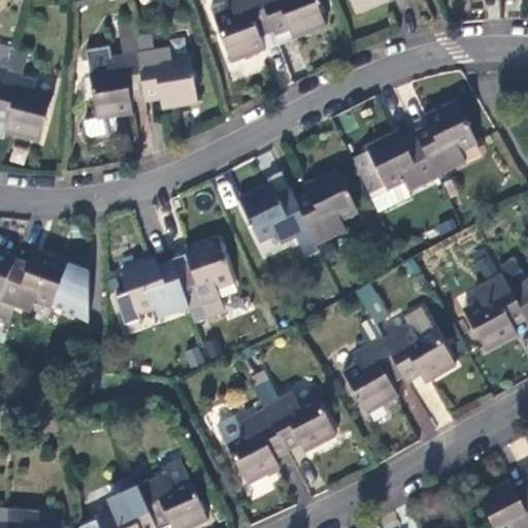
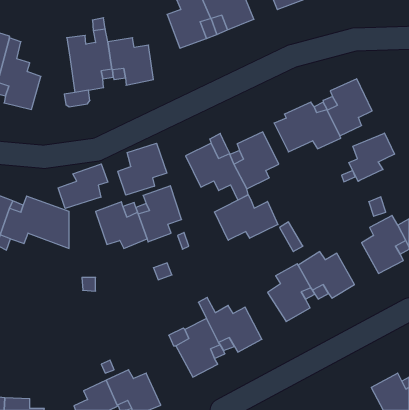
building: none -> [349,133,394,181]
building: none -> [118,143,167,195]
building: none -> [58,164,108,208]
building: none -> [214,195,278,240]

